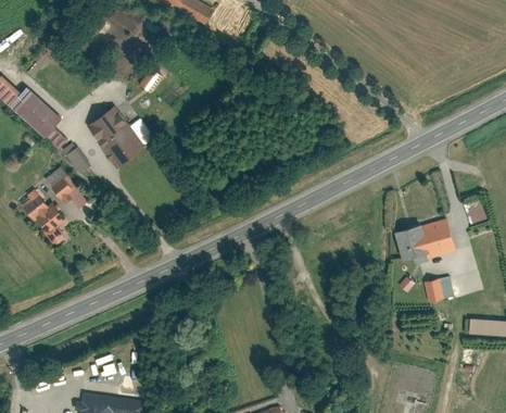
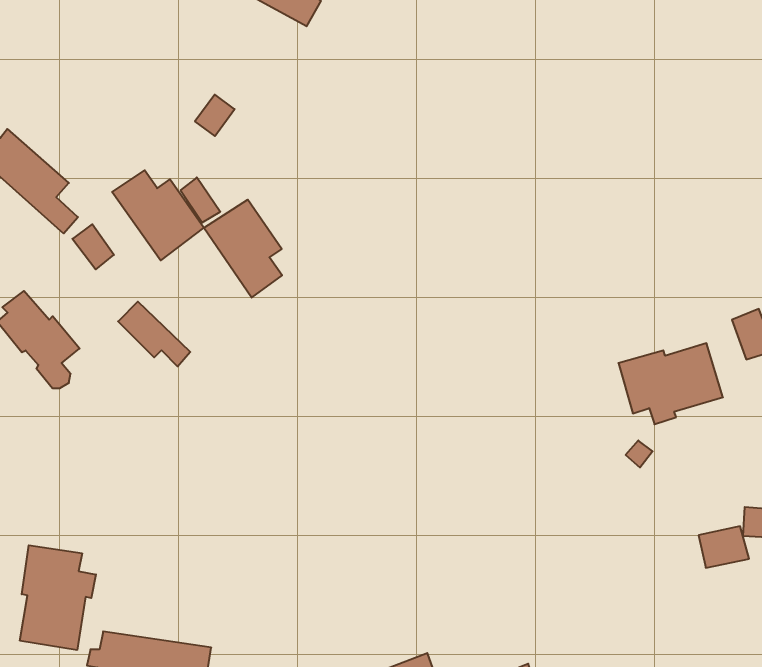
building: none -> [204,200,282,298]
building: [43,170,87,209] -> [118,302,190,366]
building: [425,276,455,301] -> [699,526,749,568]
building: none -> [20,545,96,650]

